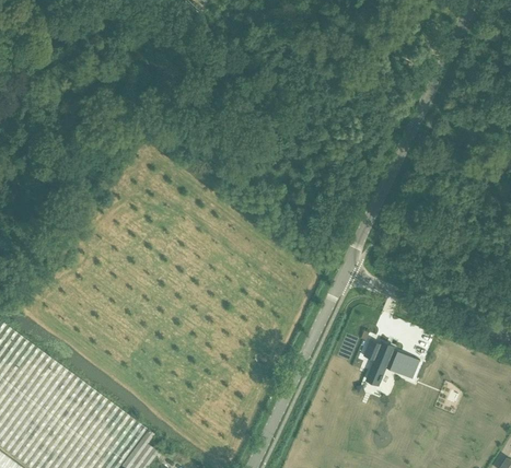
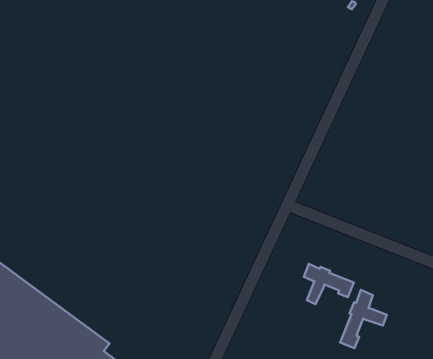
building: none -> [340,290,387,348]

